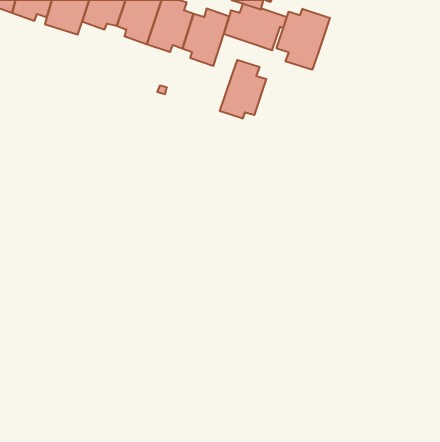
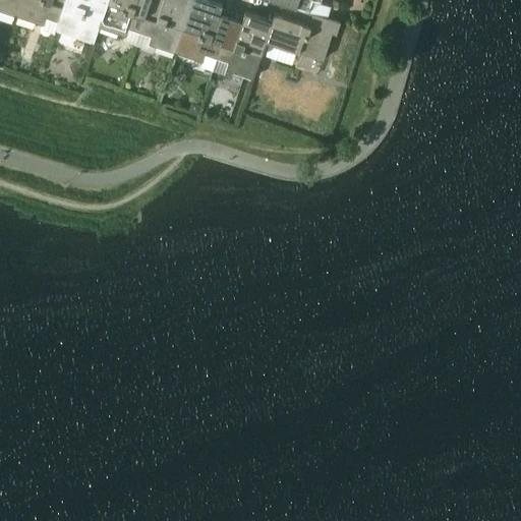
building: [277,9,330,70] -> none
building: [220,60,266,119] -> none

